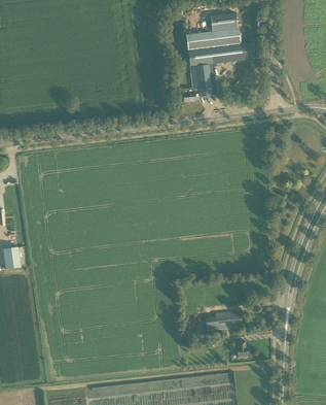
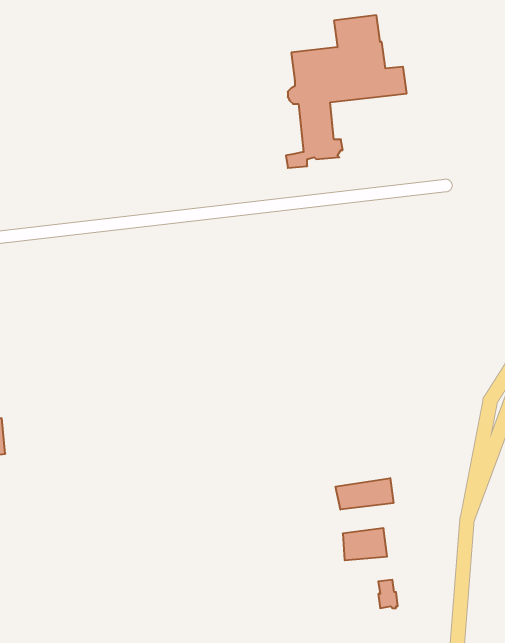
building: none -> [336,478,393,510]

